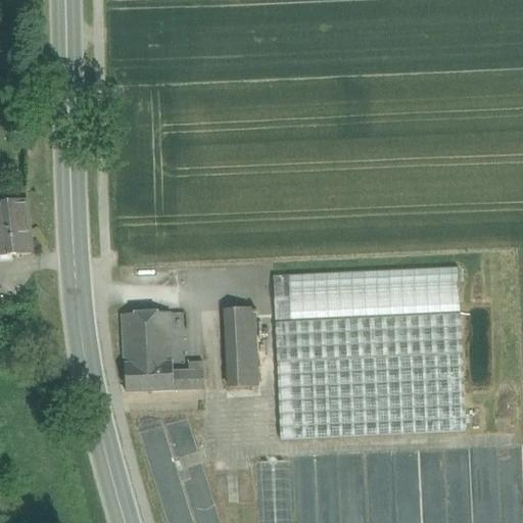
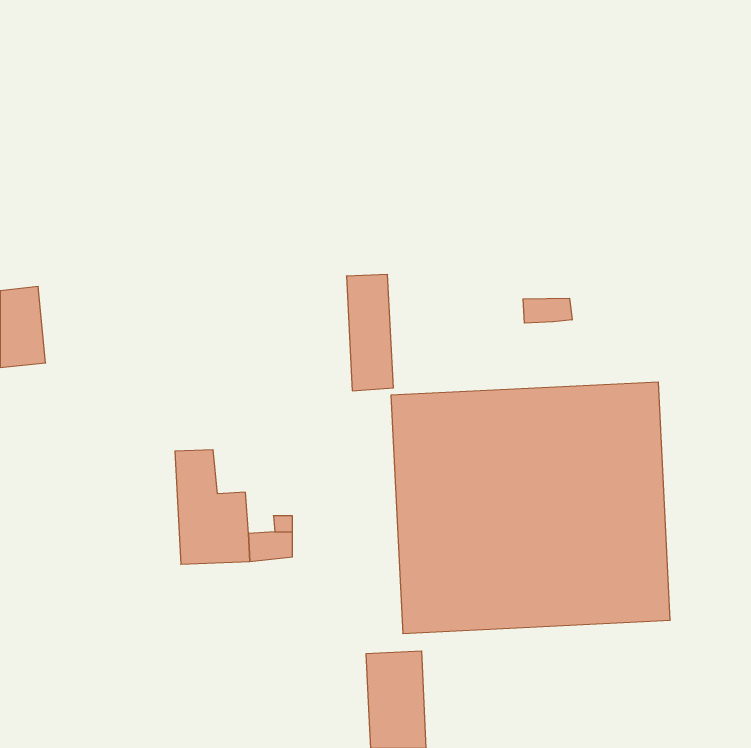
building: none -> [523,298,572,323]
building: [226,307,258,388] -> [346,275,393,391]
building: [148,312,171,343] -> none

